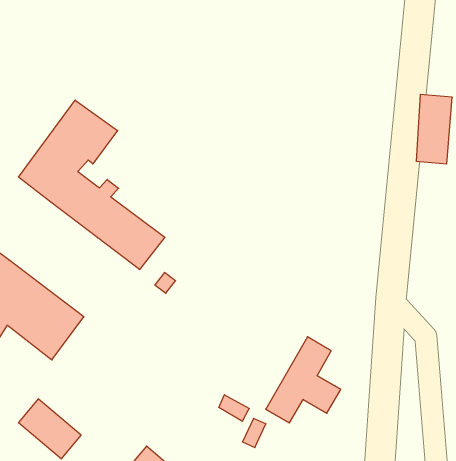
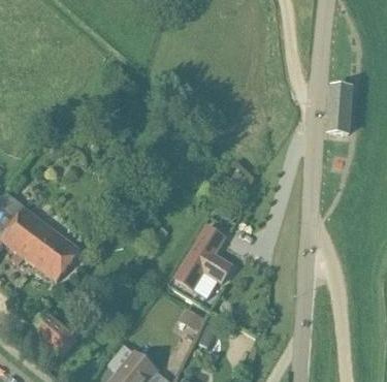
building: [19,100,165,270] -> none
building: [266,337,341,423] -> [175,223,231,287]

